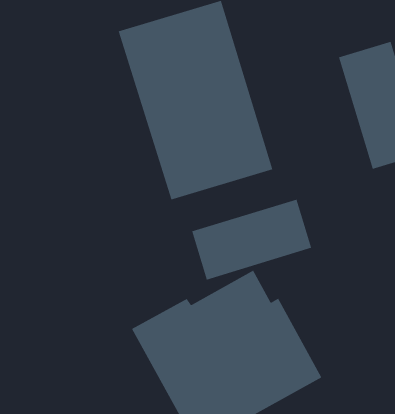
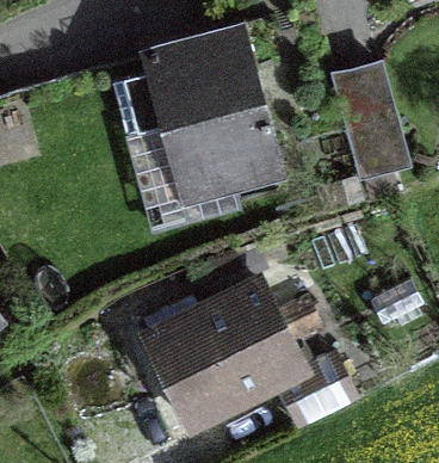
building: [191,199,312,280] -> none

